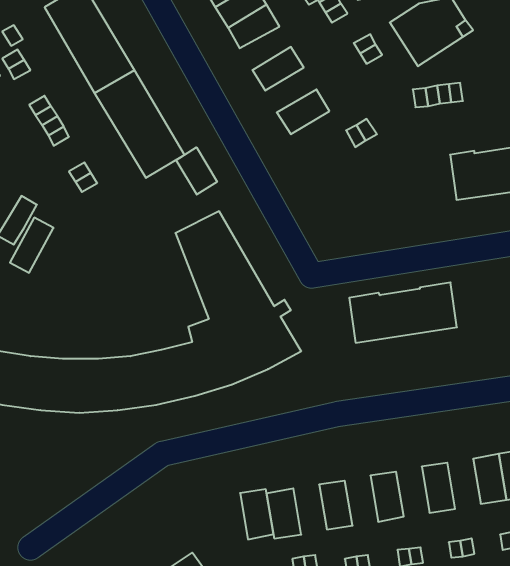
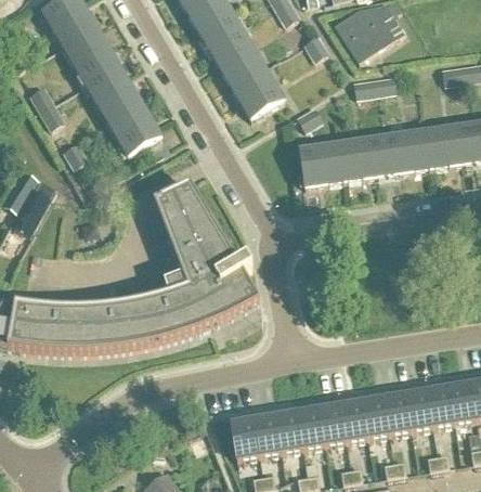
building: none -> [207,26,250,63]
building: none -> [229,61,272,99]
building: [176,147,217,195] -> none
building: [349,282,457,343] -> [299,134,390,185]
building: none -> [382,391,411,433]
building: none -> [339,398,367,440]
building: none -> [296,405,324,448]
building: [240,489,274,539] -> [252,413,281,455]

